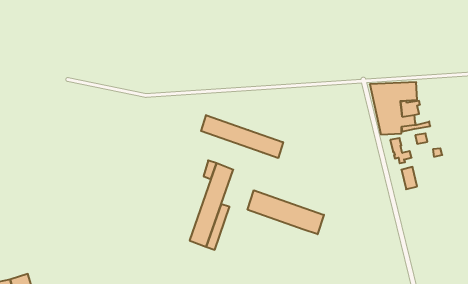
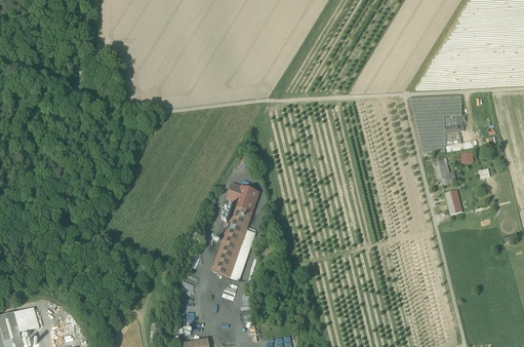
building: [201,115,283,158] -> none
building: [248,190,324,234] -> none

